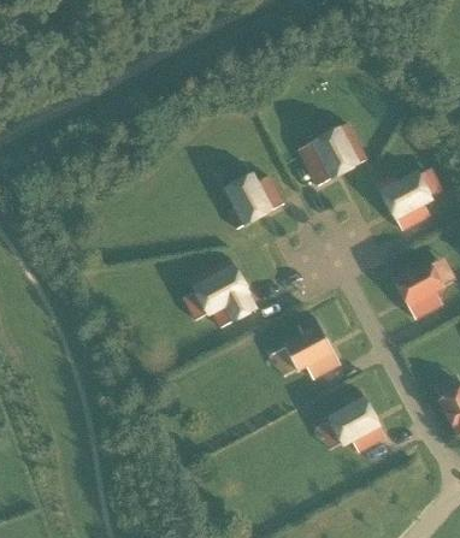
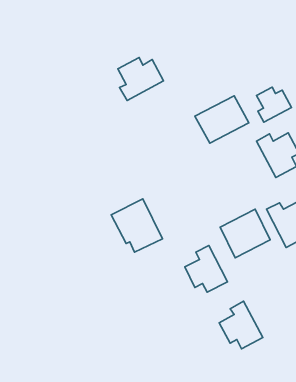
building: none -> [257,87,292,122]
building: [225,173,284,229] -> [118,58,163,100]
building: none -> [220,209,270,258]

